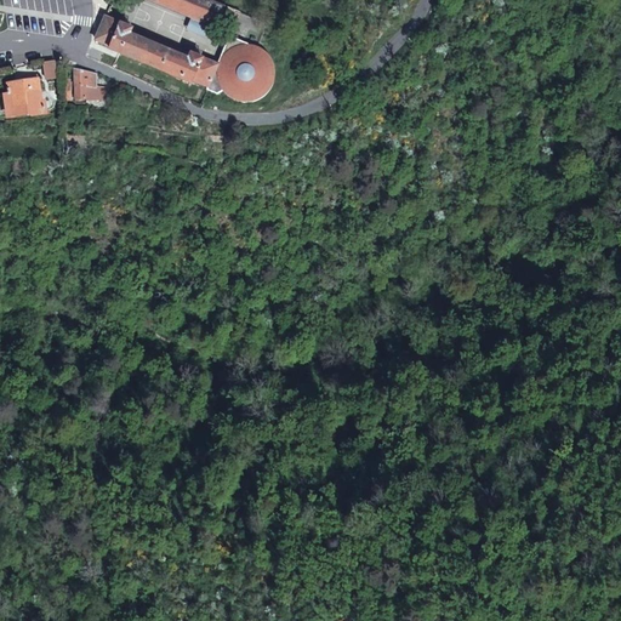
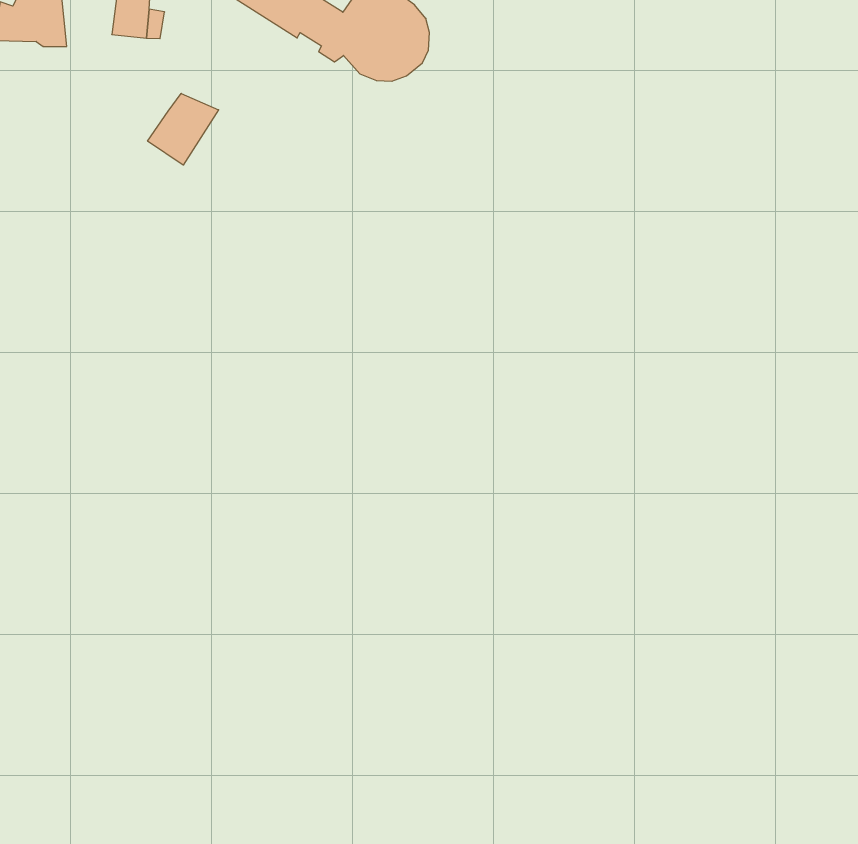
building: none -> [148,93,219,165]

